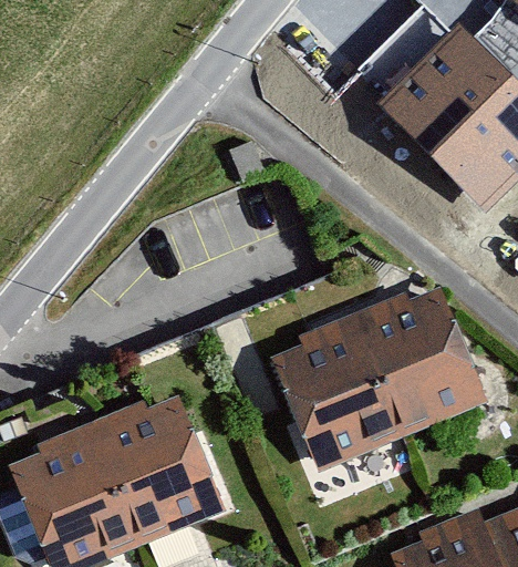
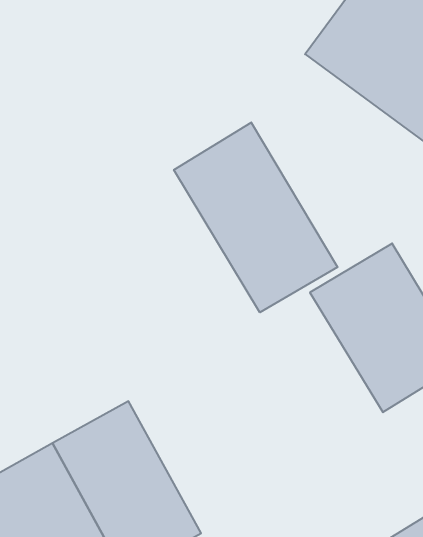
building: none -> [174,122,338,312]
building: [270,317,401,470] -> none

